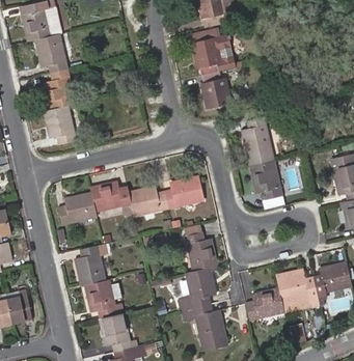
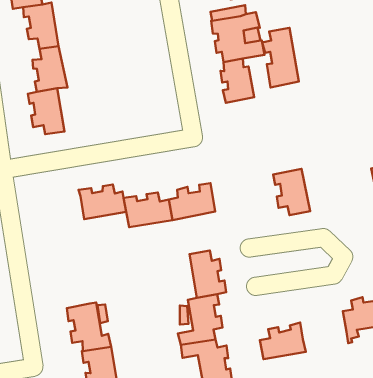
building: [240,116,272,166] -> [262,28,299,87]
building: [59,194,98,226] -> none
building: [76,247,106,287] -> none
building: [277,268,320,302] -> none

